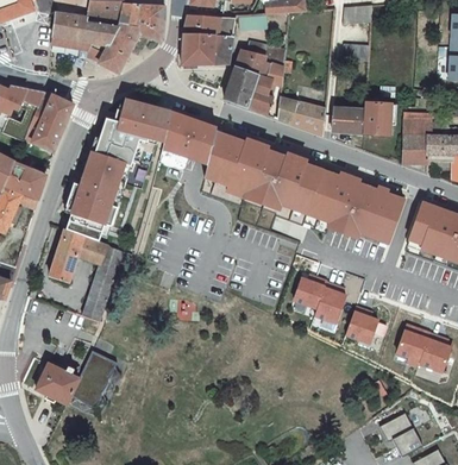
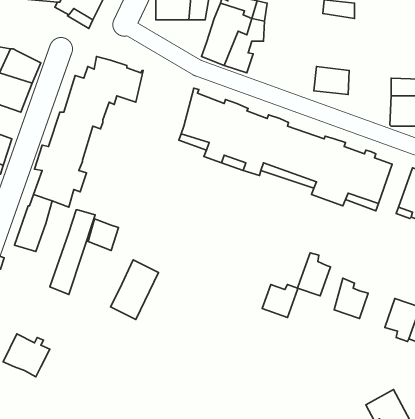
building: [278,96,326,134] -> none
building: [363,102,391,136] -> none
building: [158,112,218,166] -> none
building: [79,234,107,264] -> [88,219,119,250]
building: [294,278,327,309] -> [262,284,297,317]
building: [74,346,119,402] -> [111,260,159,319]

